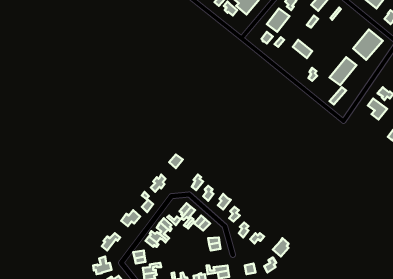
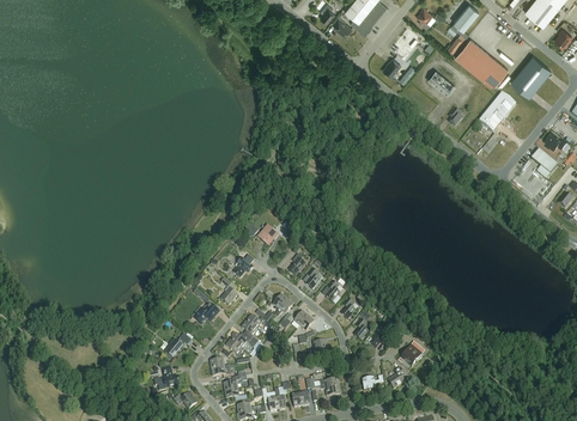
building: none -> [455,38,509,87]

